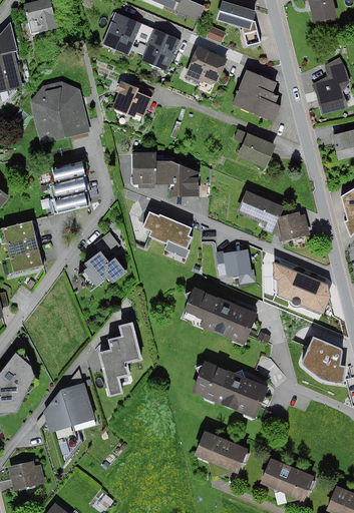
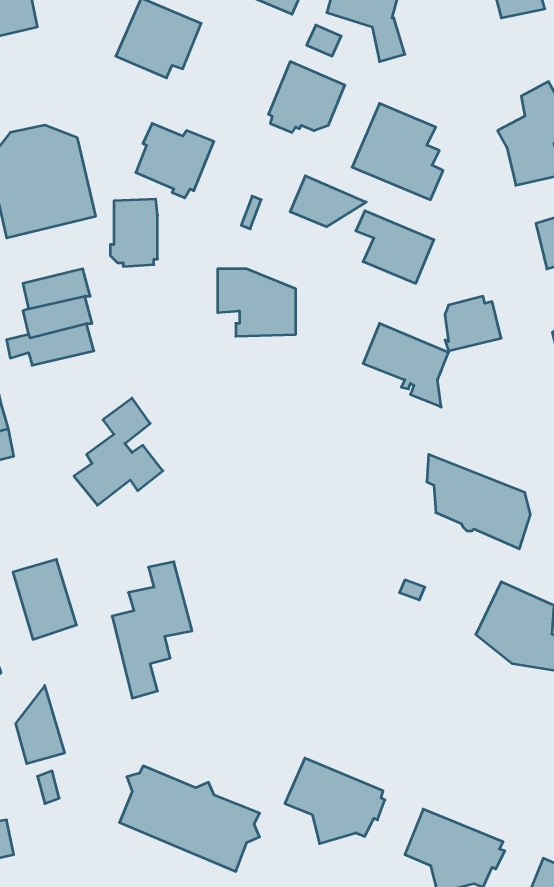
building: [137,25,182,72] -> none
building: none -> [290,176,366,227]
building: [130,151,156,188] -> [110,199,158,266]
building: [142,211,193,259] -> none
building: [278,211,309,241] -> [445,296,501,351]
building: [215,247,255,284] -> none
building: [184,287,258,345] -> none
building: [192,361,269,419] -> [119,766,260,871]
building: [61,383,96,427] -> [13,559,77,639]

